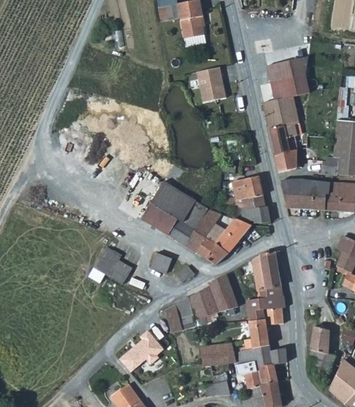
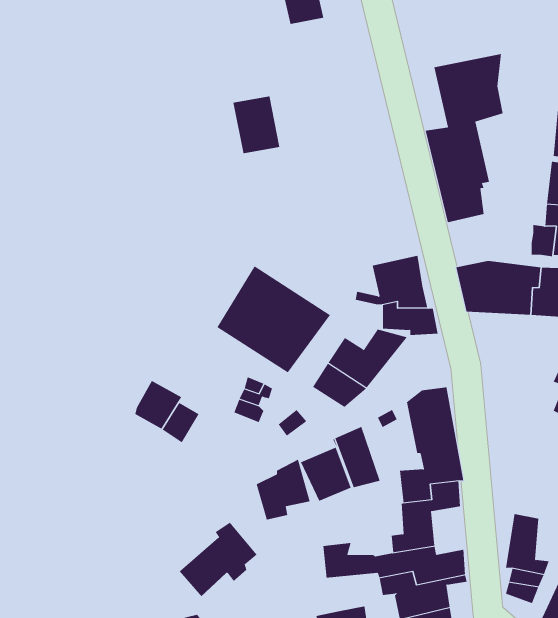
building: [198,67,226,101] -> [232,96,280,154]
building: [275,151,297,173] -> none
building: [182,209,221,252] -> none

